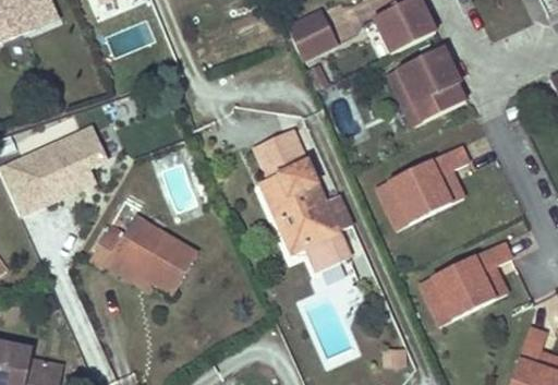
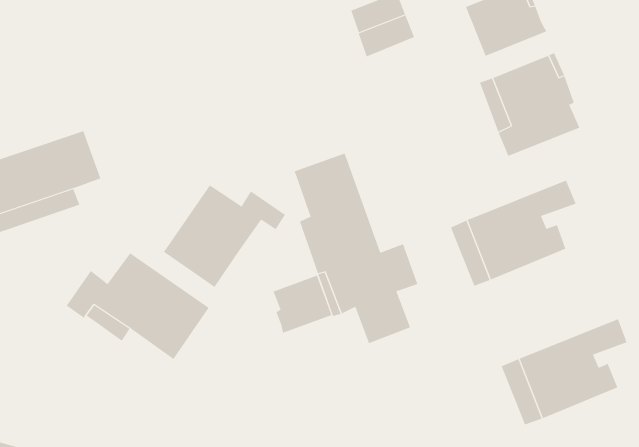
building: none -> [163,185,286,288]
building: none -> [273,275,332,333]

